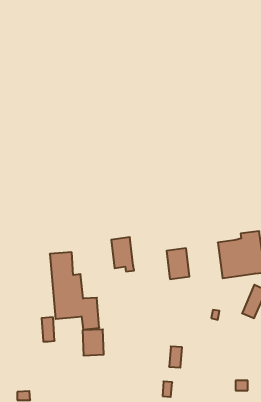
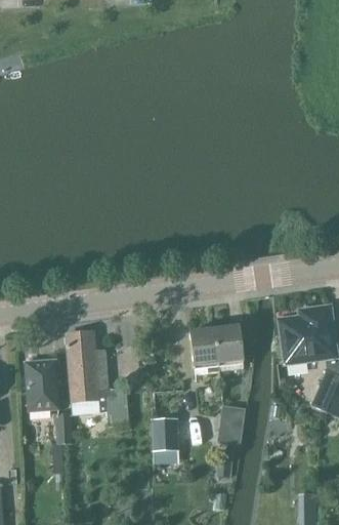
building: [111,237,134,271] -> [190,329,219,372]
building: none -> [25,360,59,410]
building: none -> [218,405,246,445]
building: [83,329,104,355] -> [153,418,179,451]

